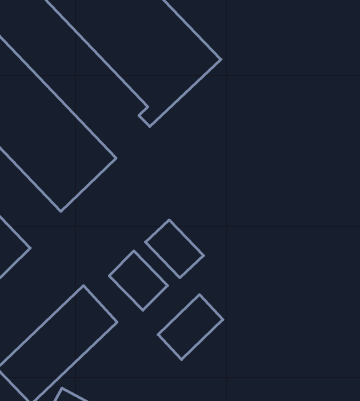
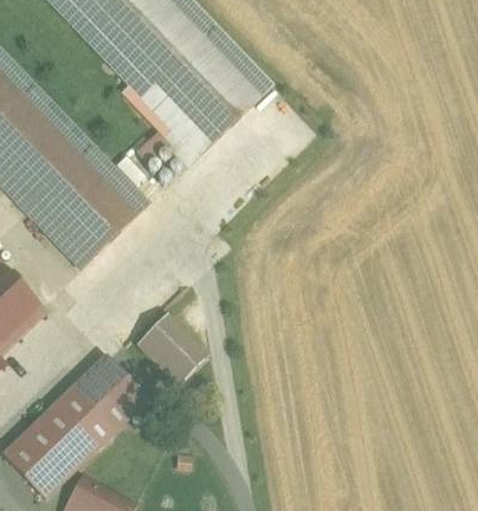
building: [145,220,204,278] -> none
building: [158,295,223,360] -> none

